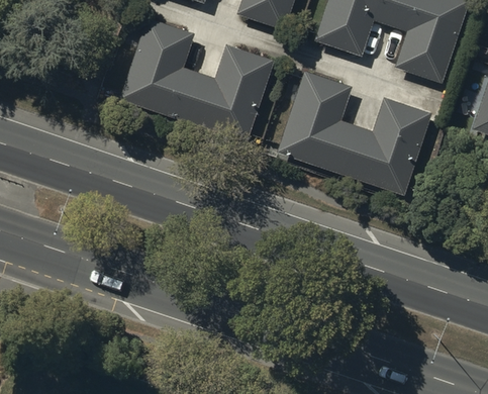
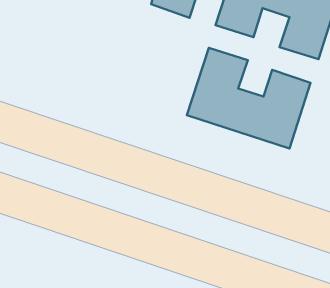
building: [119,14,275,139] -> none

